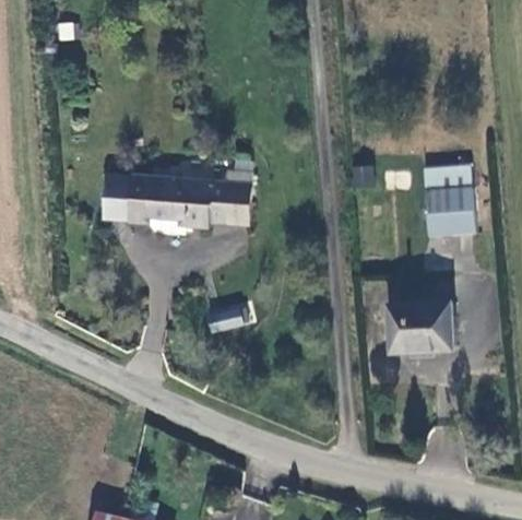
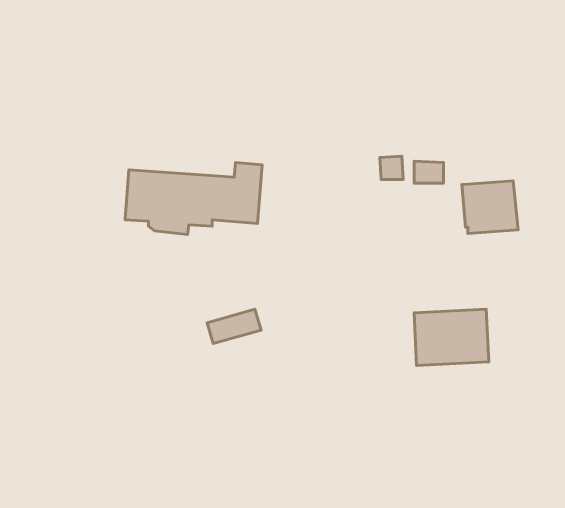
building: [429,165,475,190] -> none
building: [102,175,132,221] -> none

